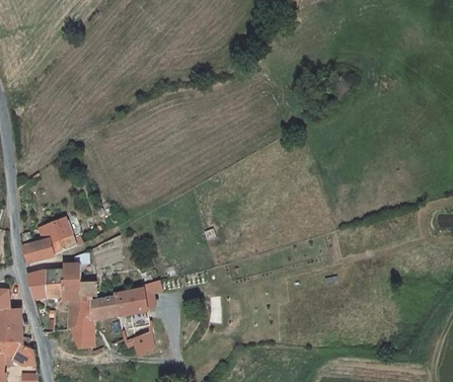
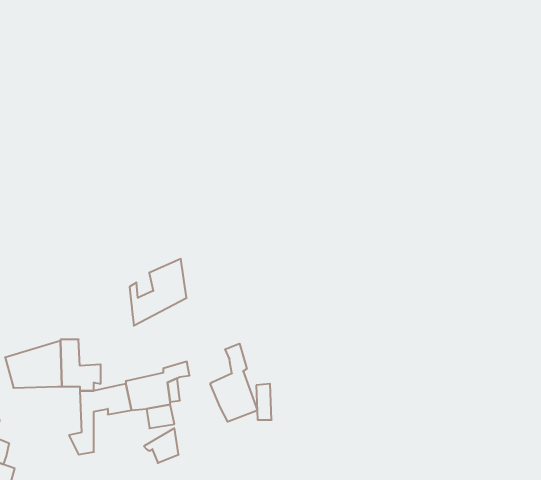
building: [28,216,70,264] -> [130,259,187,326]
building: none -> [210,344,257,422]
building: [65,298,82,336] -> none

